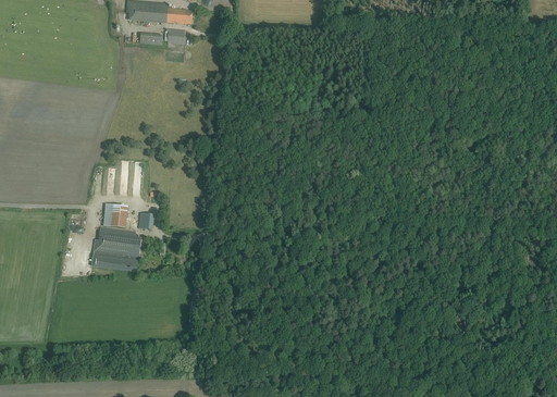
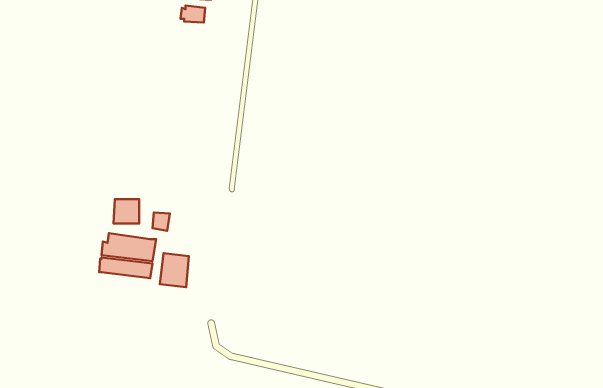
building: none -> [160,253,189,287]

